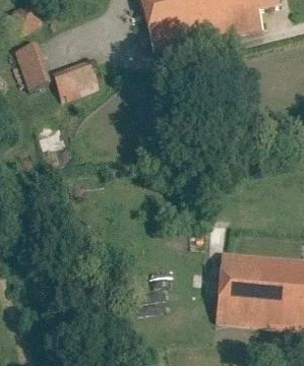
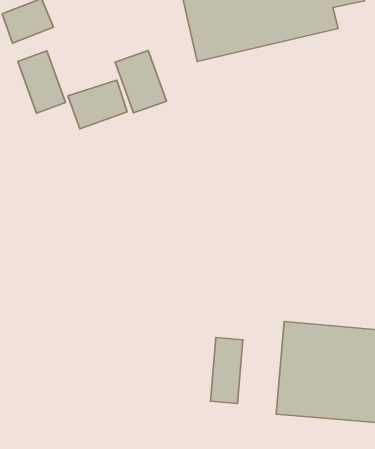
building: none -> [115,50,166,113]
building: none -> [210,337,243,404]

